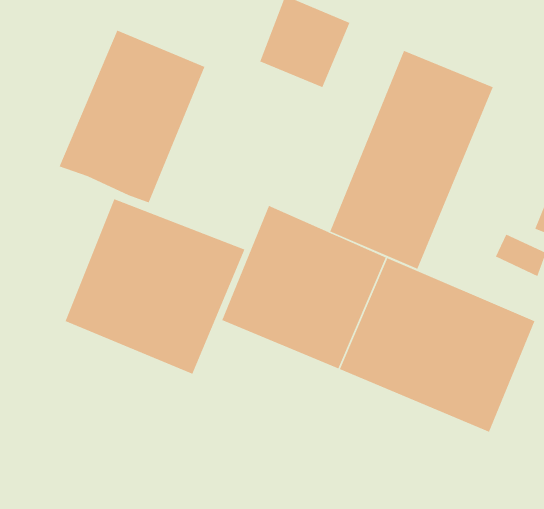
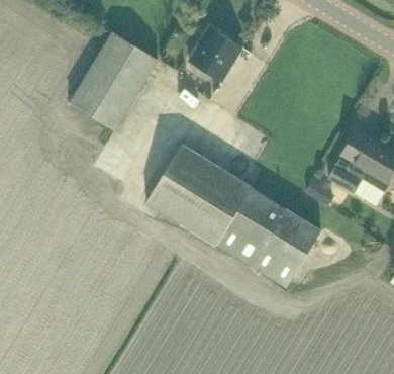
building: [329,50,494,270] -> none
building: [64,198,246,375] -> none

